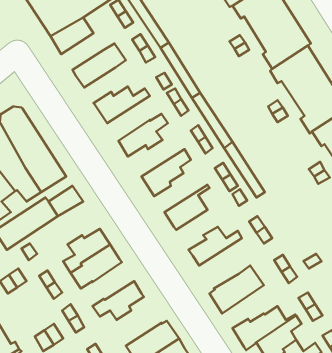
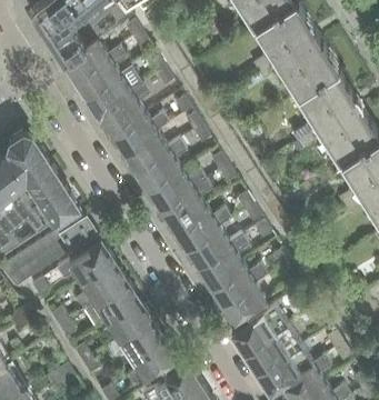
building: none -> [73,50,127,97]
building: none -> [98,88,149,132]
building: none -> [122,124,169,172]
building: none -> [144,171,205,210]
building: none -> [172,207,229,248]
building: none -> [196,239,249,288]
building: none -> [57,243,114,282]
building: none -> [220,276,268,324]
building: none -> [107,301,151,341]
building: none -> [245,326,303,371]
building: none -> [127,338,176,388]

